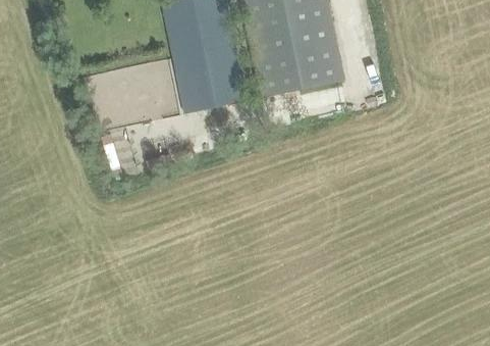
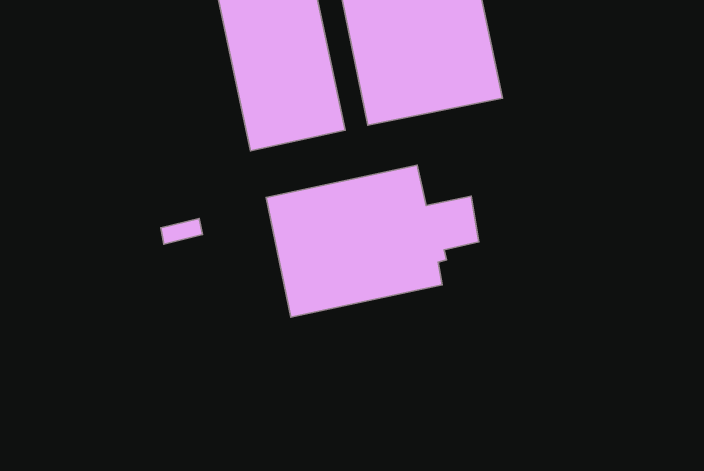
building: none -> [266,165,479,317]

